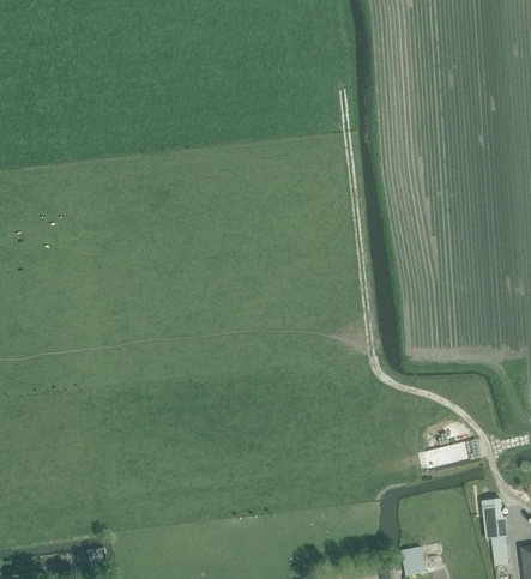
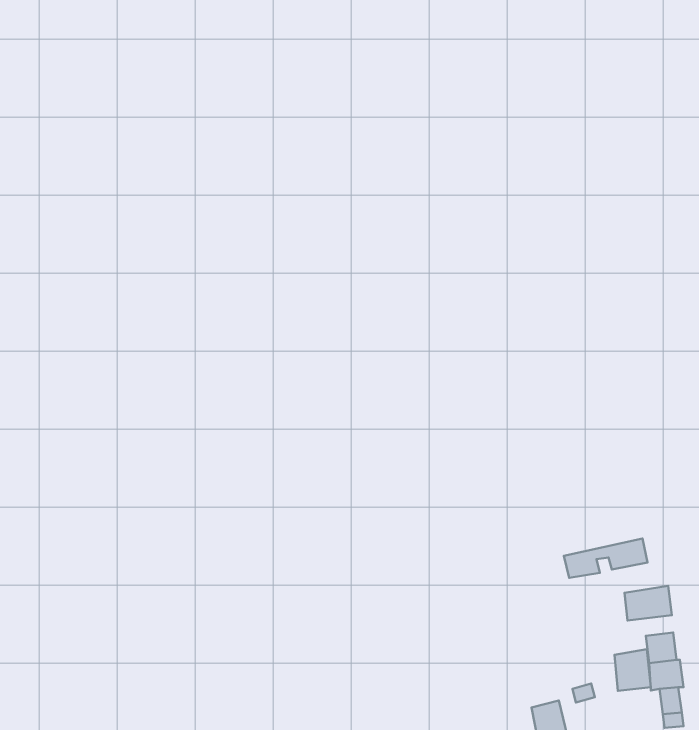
building: none -> [624,586,672,621]
building: none -> [614,649,651,691]

